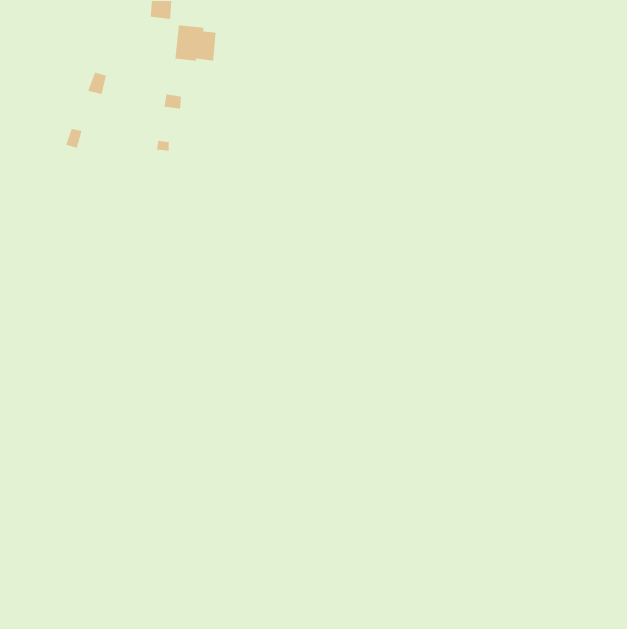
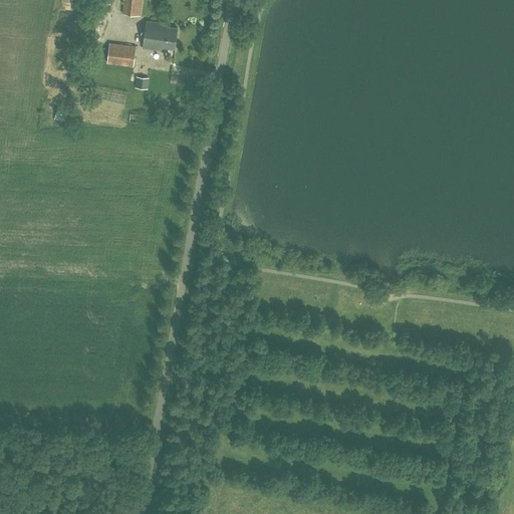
building: none -> [106,43,136,66]

